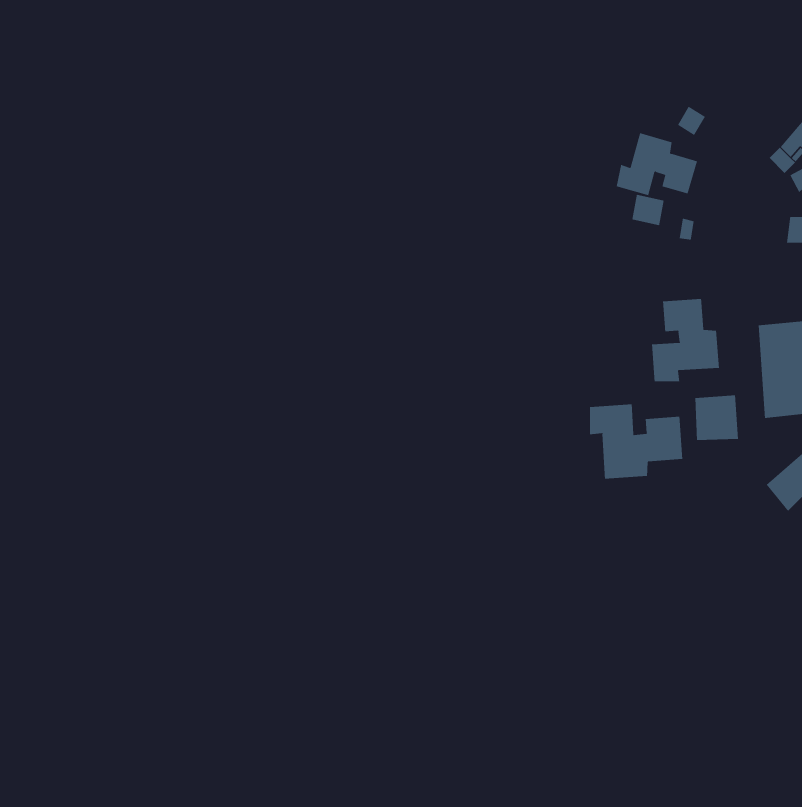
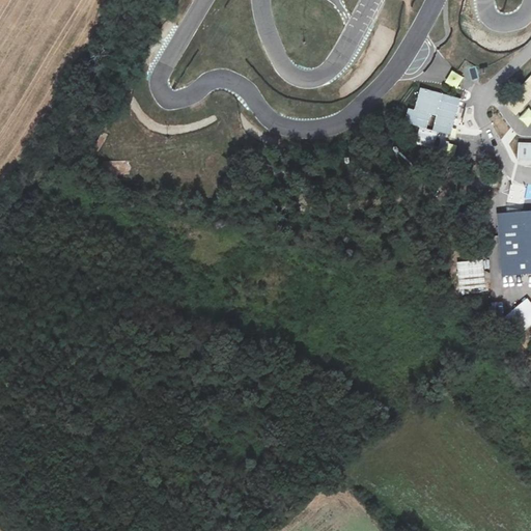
building: [651,298,719,382] -> none
building: [589,403,683,480] -> none

